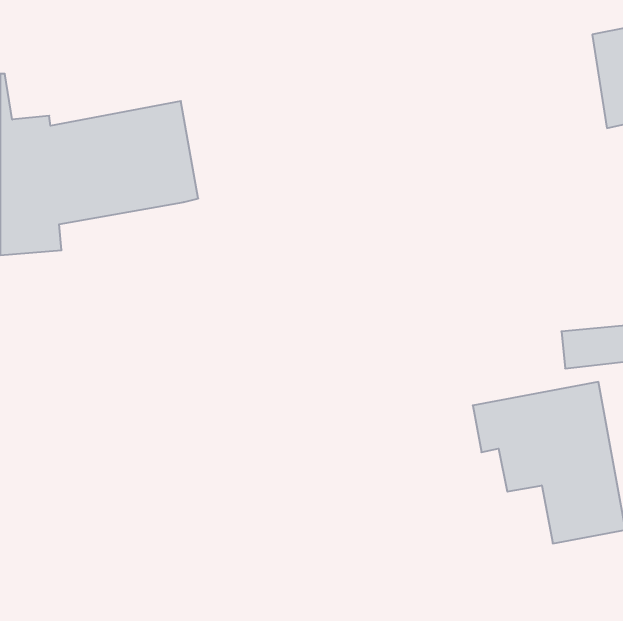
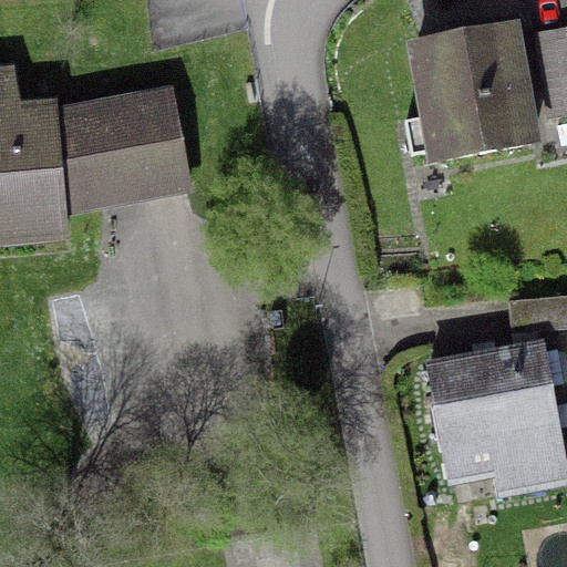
building: none -> [408,24,534,158]

